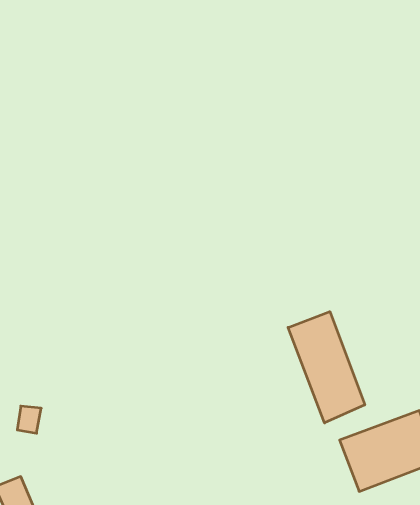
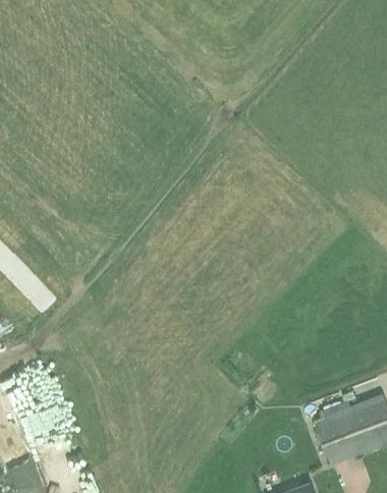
building: [288,312,365,423] -> none

